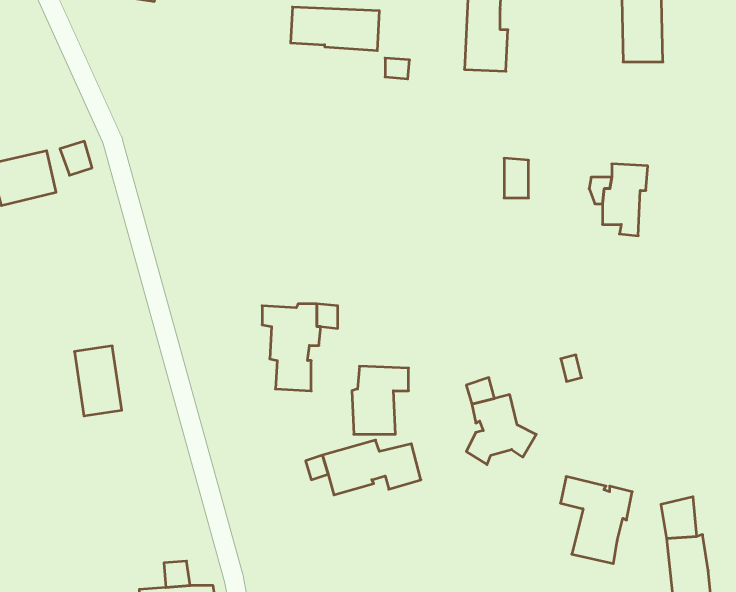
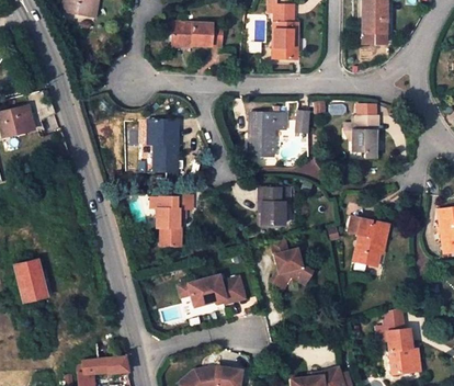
building: none -> [249,110,285,154]
building: none -> [147,118,177,172]
building: [74,346,122,416] -> [14,264,42,305]
building: [352,366,409,434] -> [258,186,291,226]
building: [560,477,632,564] -> [347,214,388,264]

